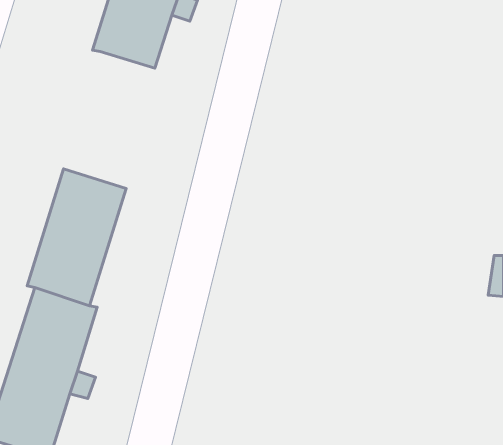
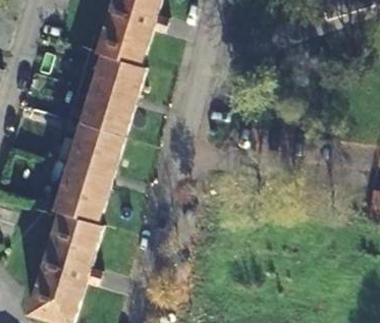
building: none -> [77,58,144,150]

